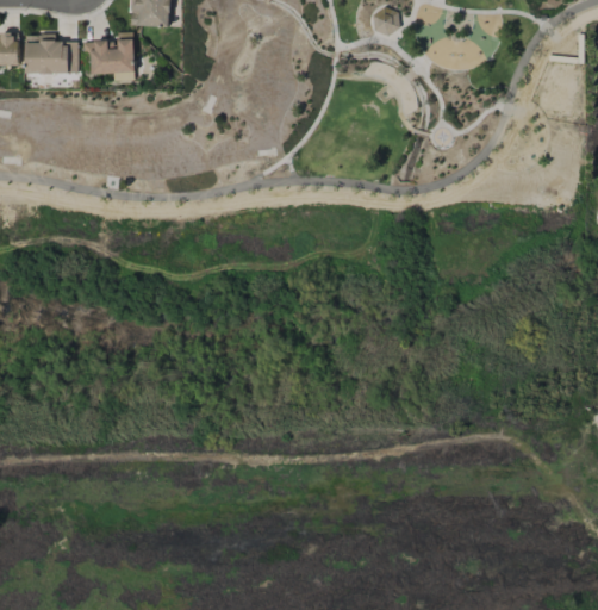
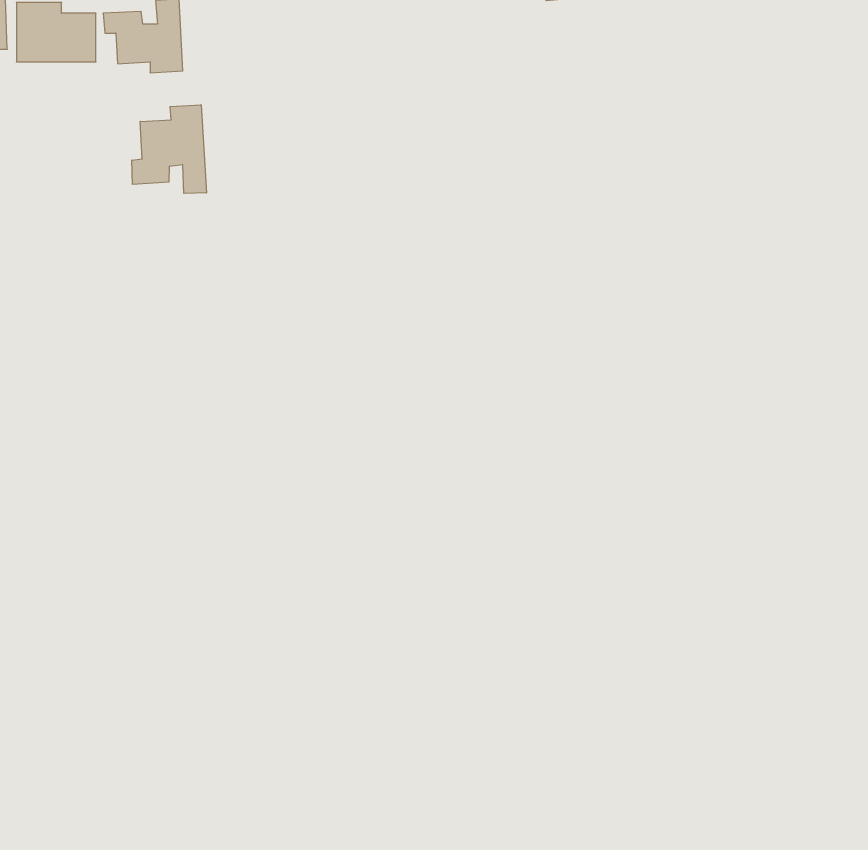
building: none -> [132,105,206,193]

